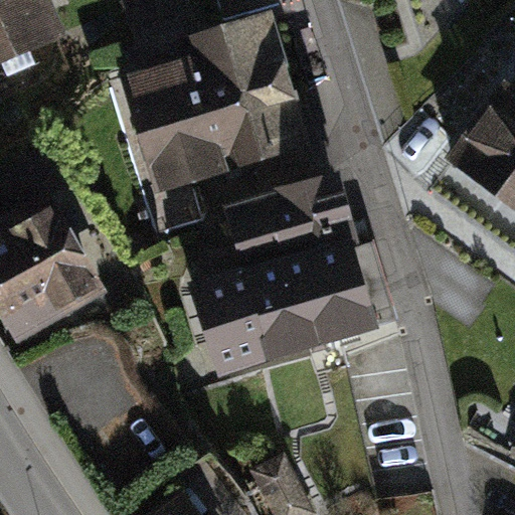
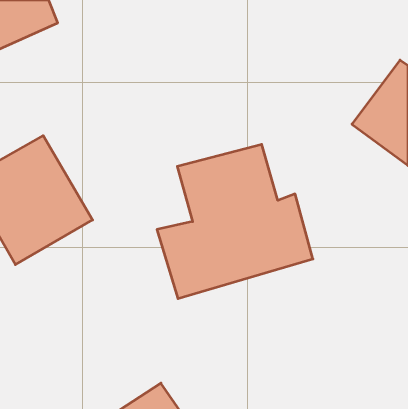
building: [121,27,297,235] -> none

